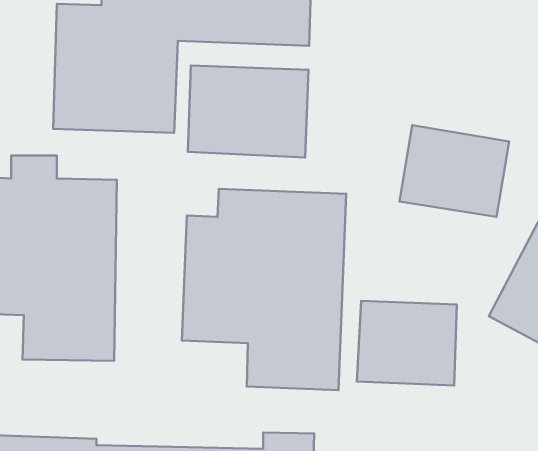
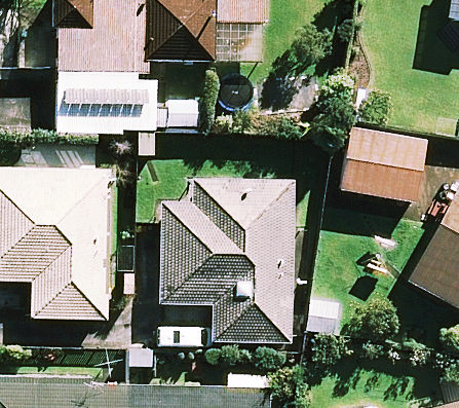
building: [188,66,309,158] -> none
building: [357,301,457,385] -> none

